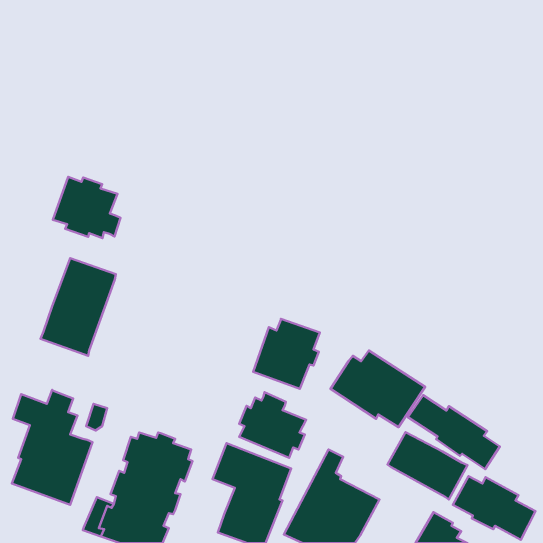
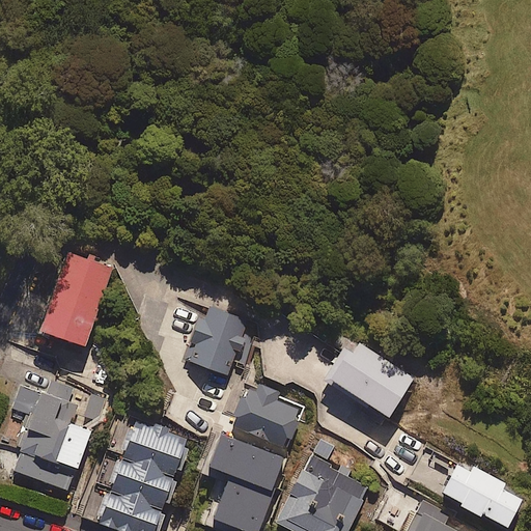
building: [53,177,120,238] -> none
building: [253,319,320,389] -> [183,307,248,375]
building: [408,395,500,469] -> none
building: [388,432,467,499] -> none

